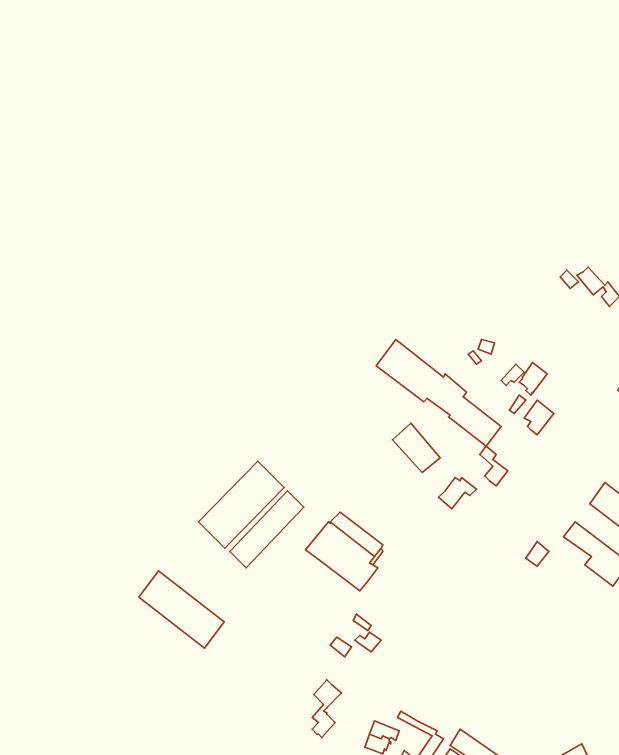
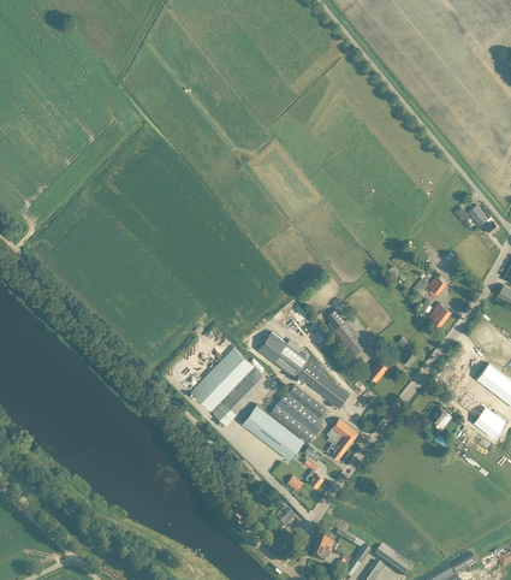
building: [376,339,501,446] -> [259,331,350,409]
building: none -> [327,419,358,460]
building: [139,571,224,648] -> [242,404,304,461]

